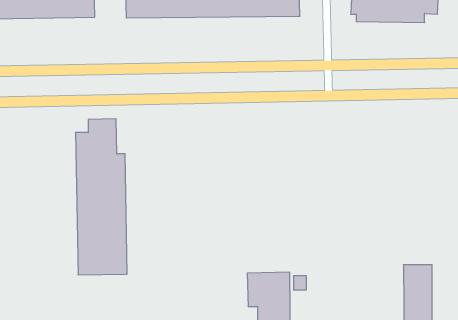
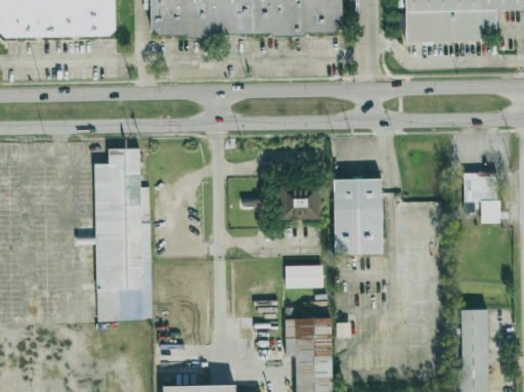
building: none -> [462,171,500,223]
building: none -> [334,178,382,255]
building: none -> [279,185,319,219]
building: none -> [288,266,320,286]

